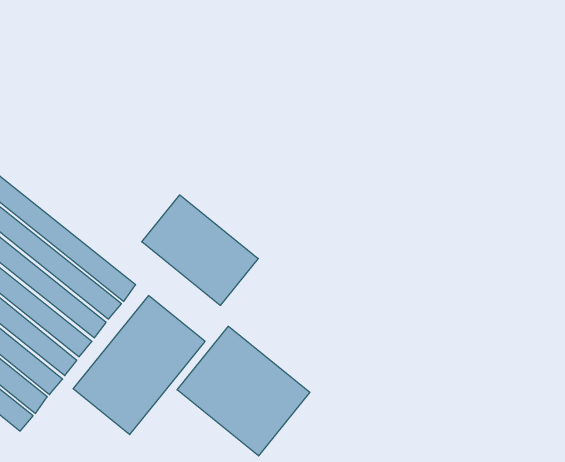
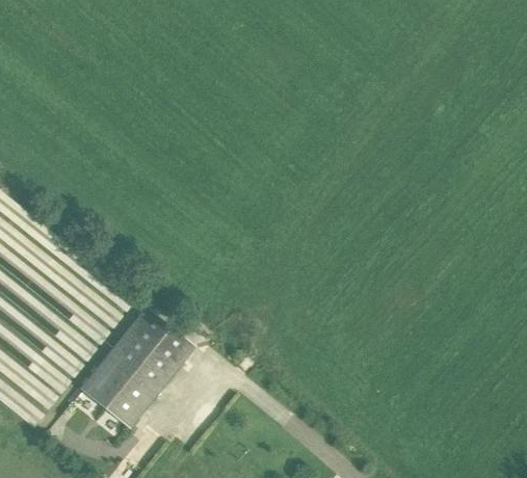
building: [142,195,258,305] -> none
building: [177,326,310,456] -> none

